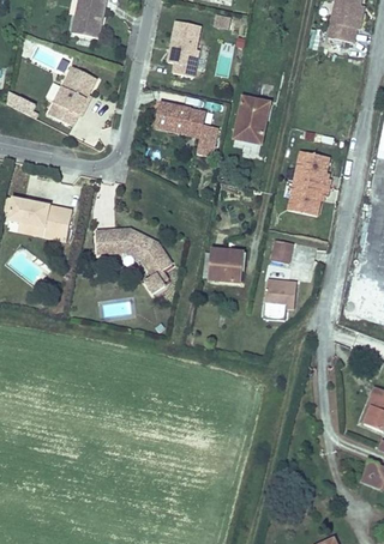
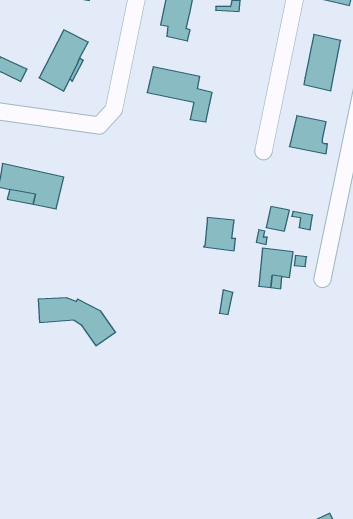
building: [233,96,269,151] -> [304,34,341,91]
building: [287,180,329,214] -> none
building: [96,229,172,276] -> [38,298,116,346]

